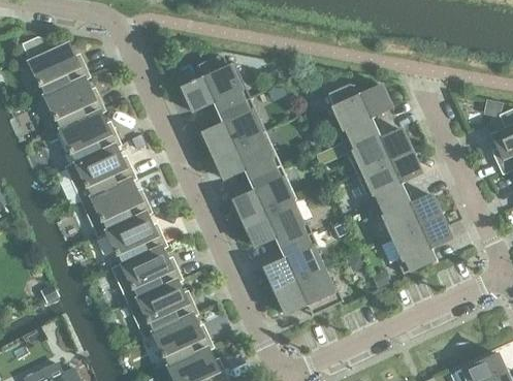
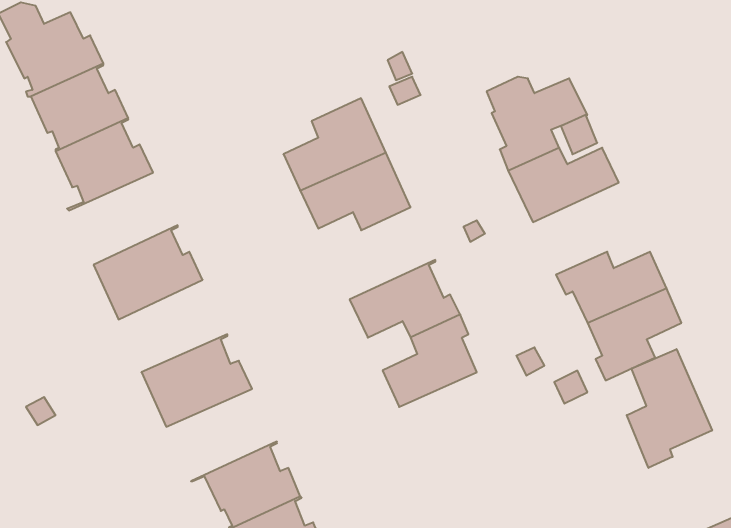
building: [182,56,251,113] -> none
building: [68,145,136,202] -> none
building: [358,151,421,209] -> none
building: [233,166,297,224] -> none
building: [99,212,167,269] -> none
building: none -> [627,349,712,468]
building: [275,269,344,316] -> none
building: [129,280,198,338] -> none

